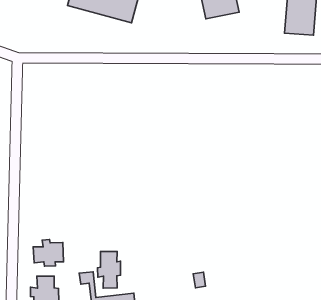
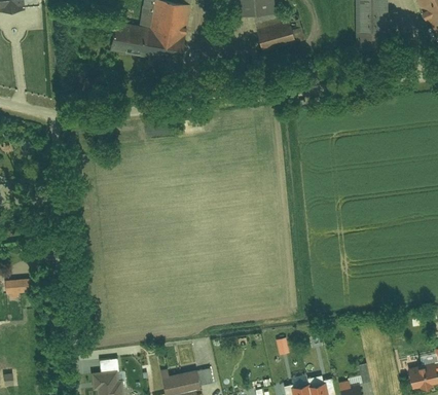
building: [33,240,63,266] -> none
building: [98,251,120,288] -> none

